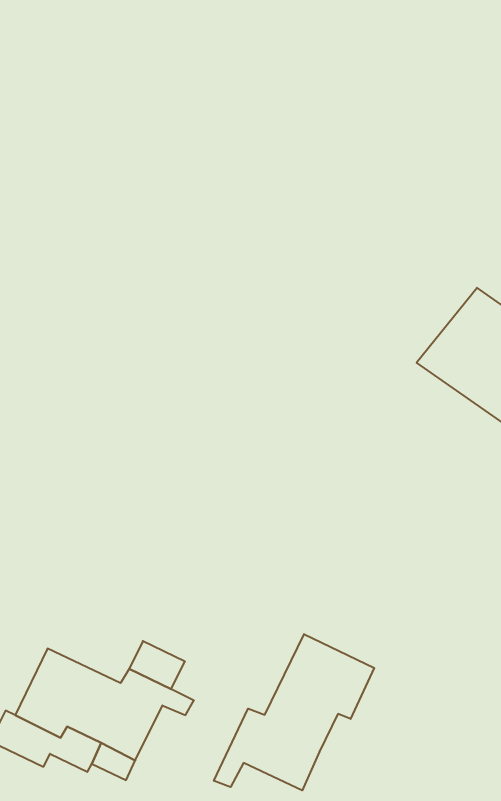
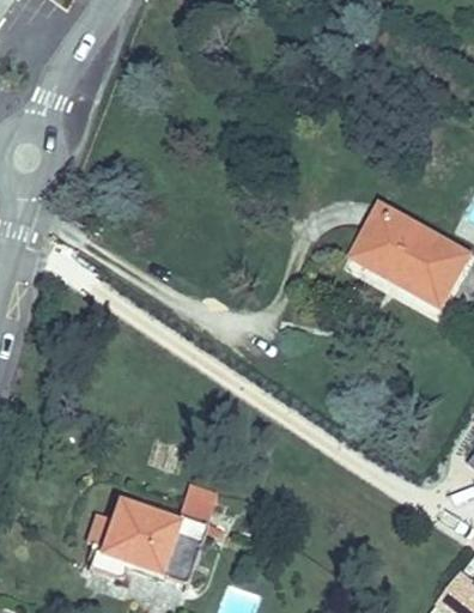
building: [214,634,374,790] -> none

